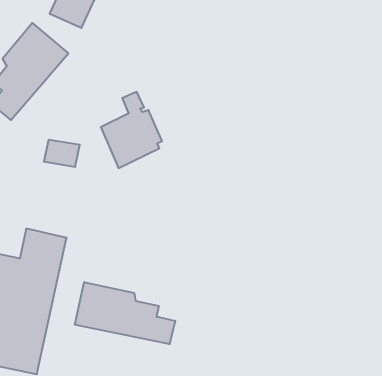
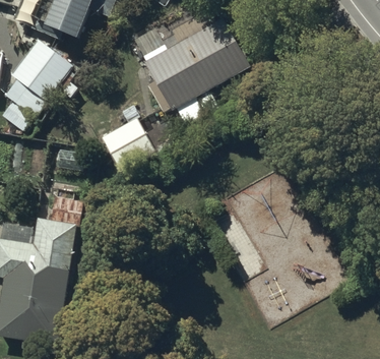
building: none -> [146,17,249,108]
building: [75,282,175,344] -> none

